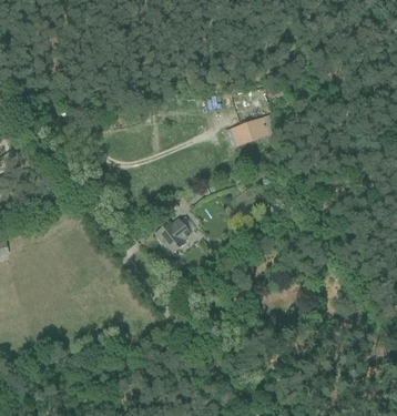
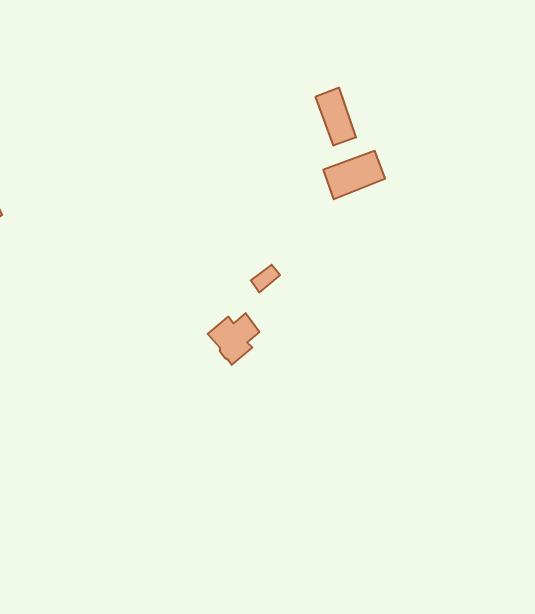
building: none -> [316,88,356,146]

